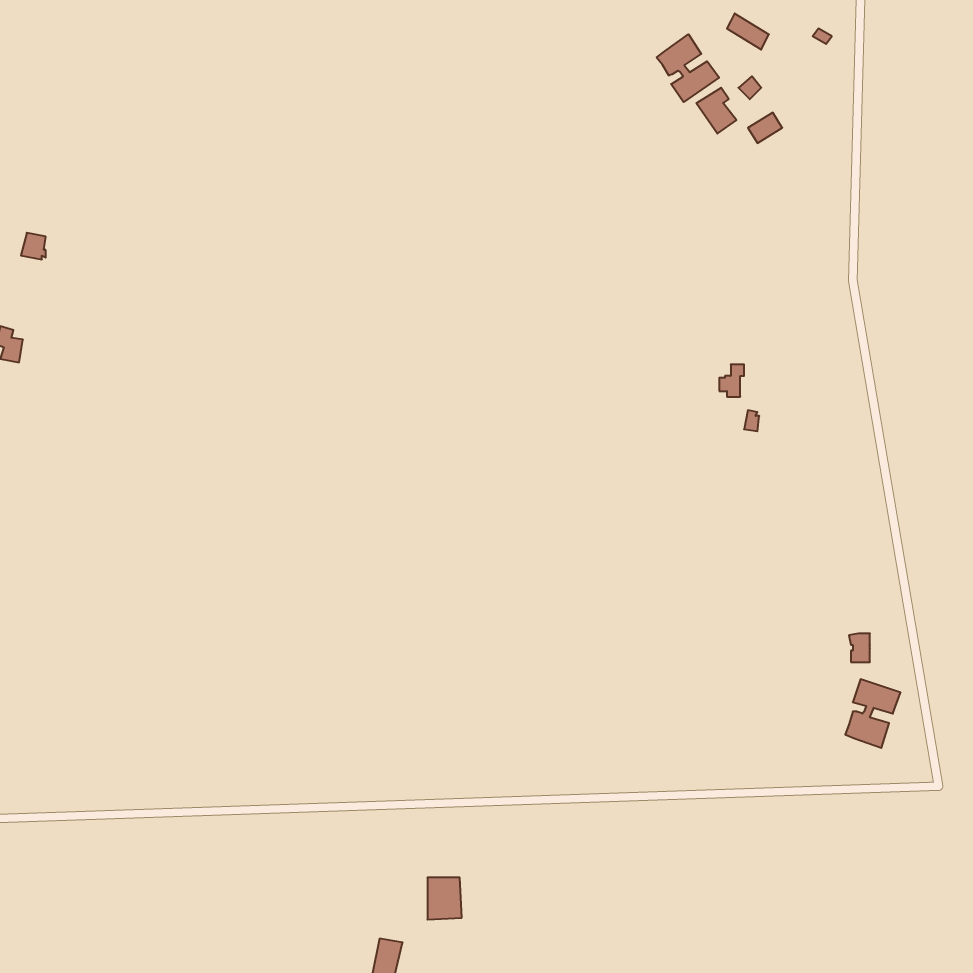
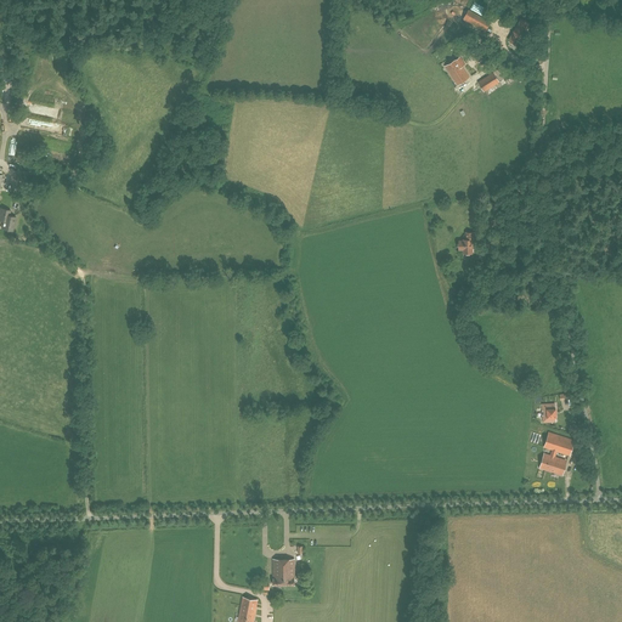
building: [657,34,719,102] -> none

